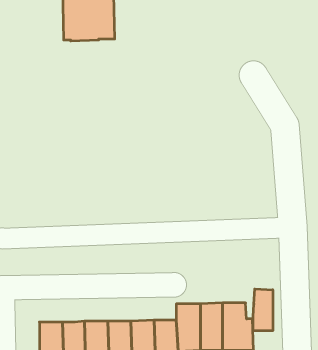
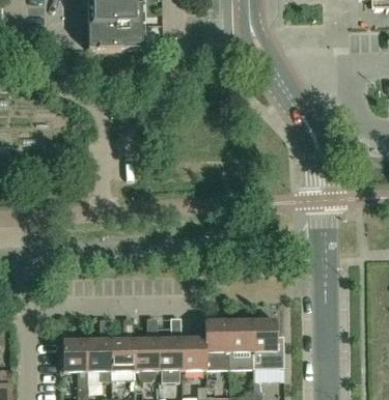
building: [253,289,273,331] -> none

